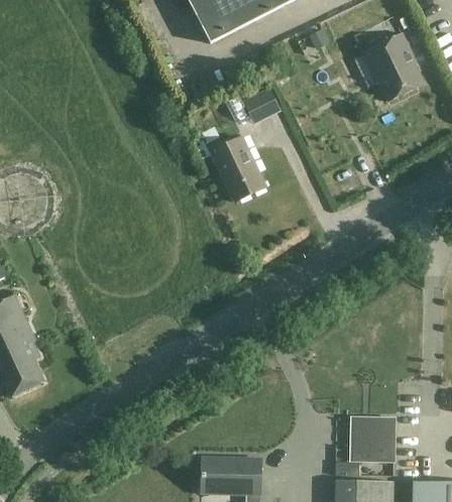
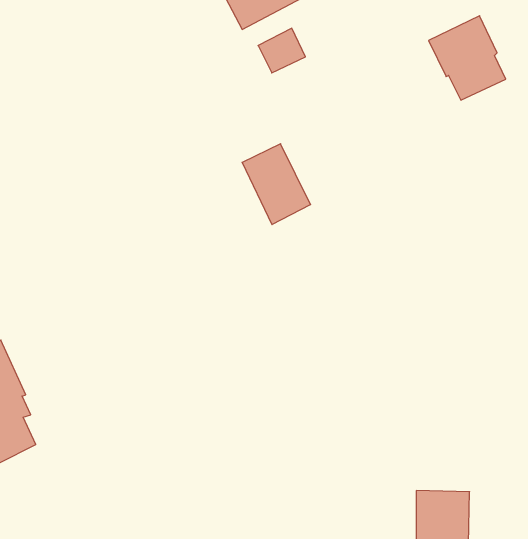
building: [242,88,280,124] -> [258,28,305,73]

